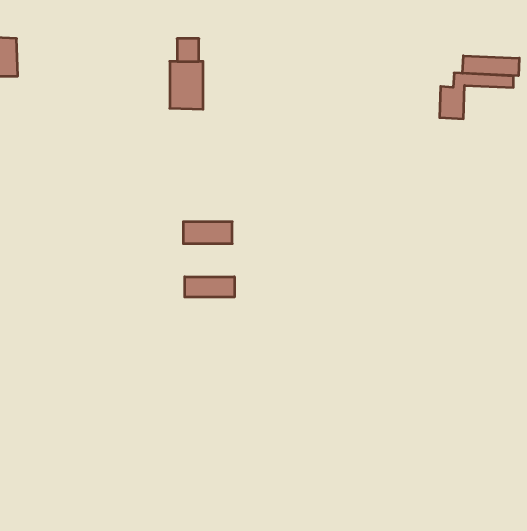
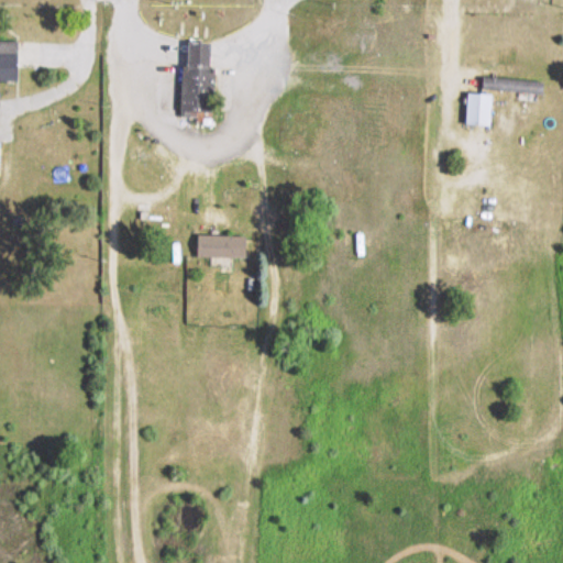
building: [463,56,519,76] -> none
building: [185,277,234,297] -> none

